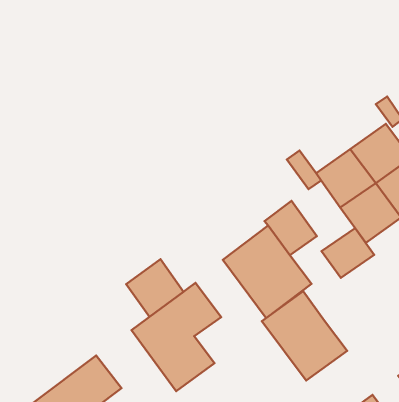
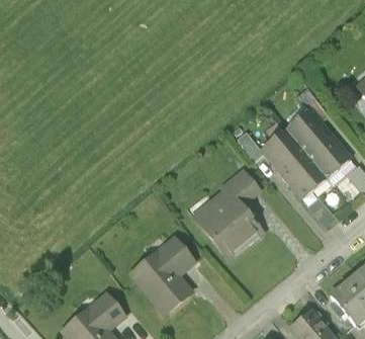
building: [322,228,374,278] -> none
building: [126,259,184,317] -> none
building: [262,291,347,381] -> none

